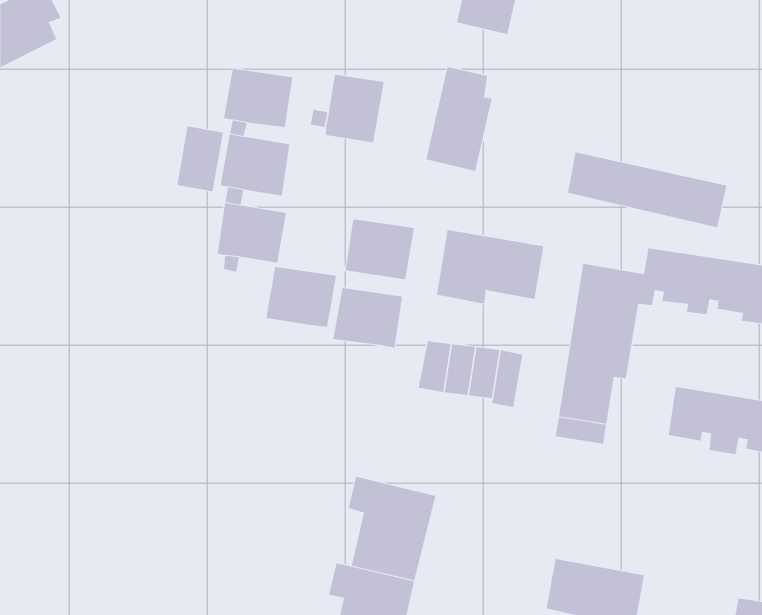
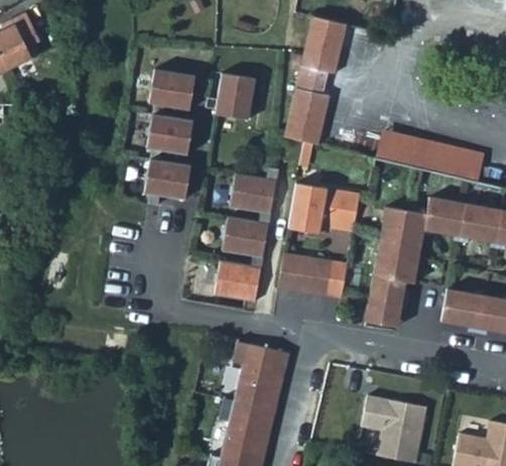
building: none -> [296,43,337,79]
building: [177,126,223,192] -> none
building: [265,266,337,327] -> [213,263,260,304]

